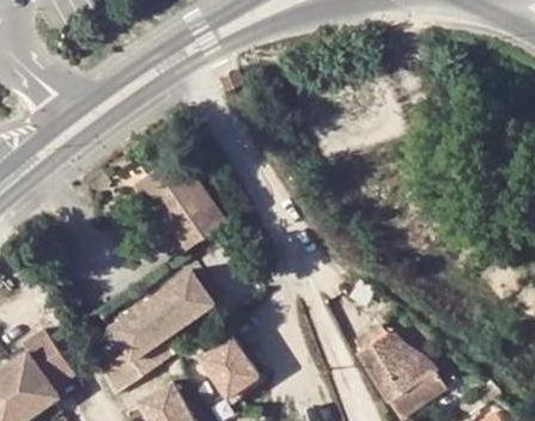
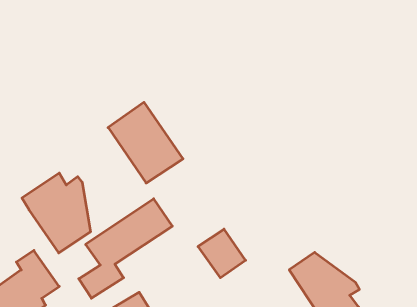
building: none -> [22,173,90,253]
building: [202,335,261,395] -> [198,229,246,278]

